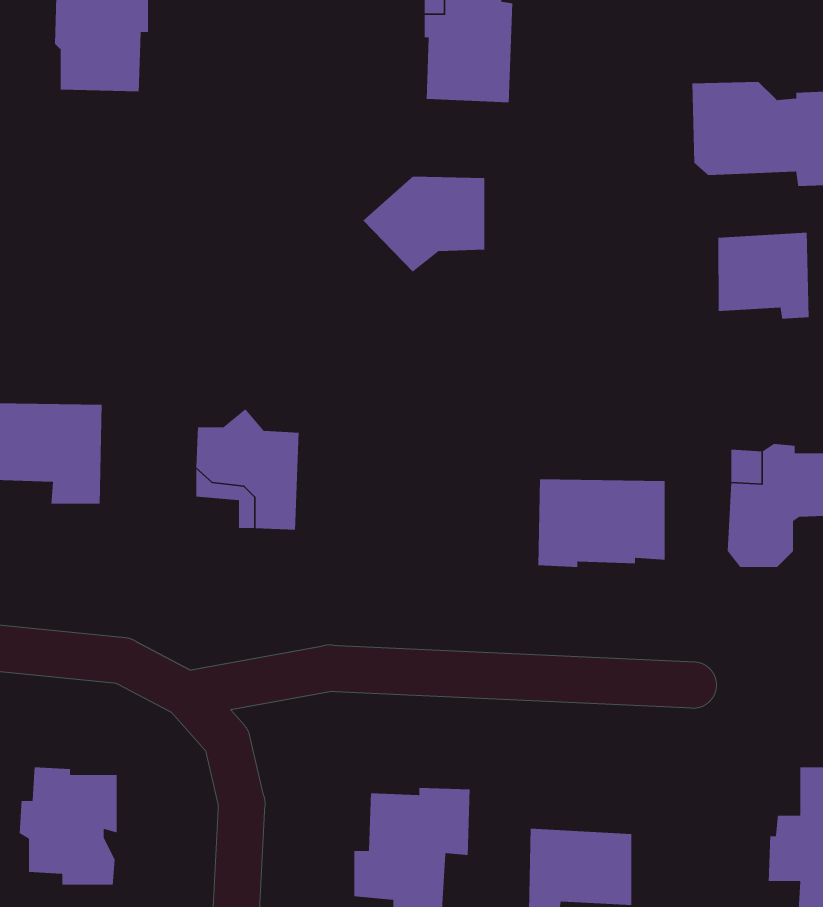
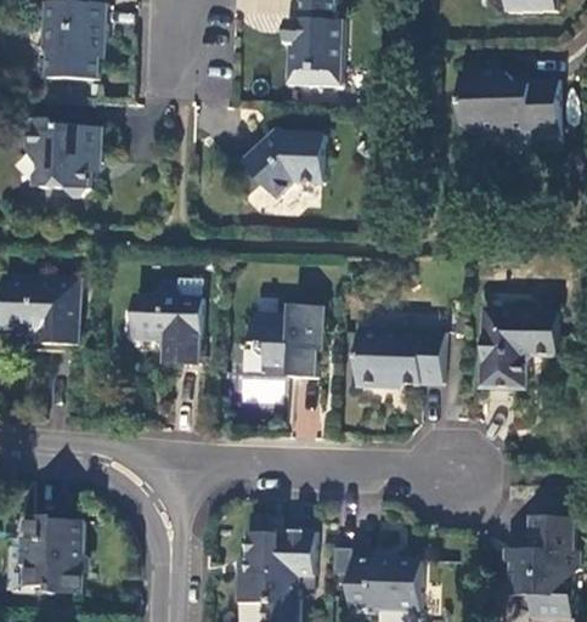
building: none -> [22,117,97,194]
building: [717,232,809,320] -> none
building: none -> [253,307,321,378]

